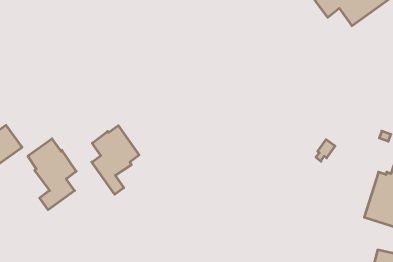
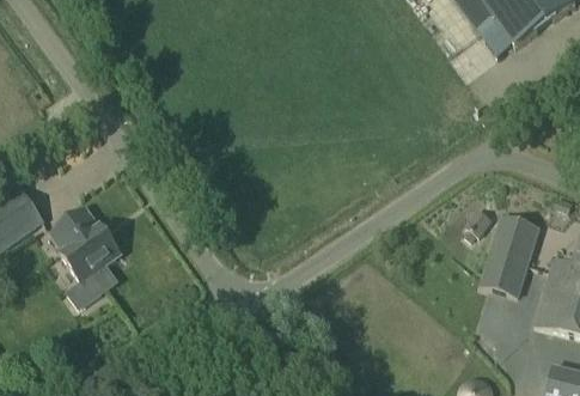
building: [92,126,139,194] -> none
building: none -> [480,213,542,297]

